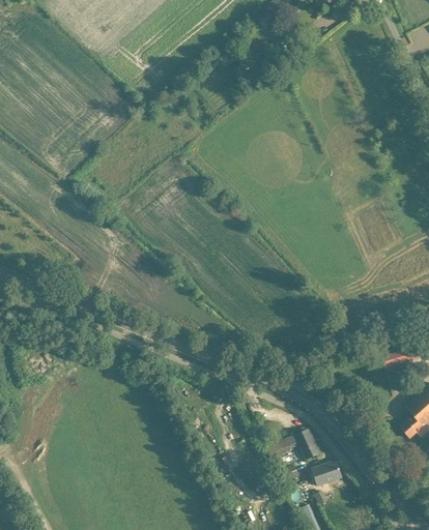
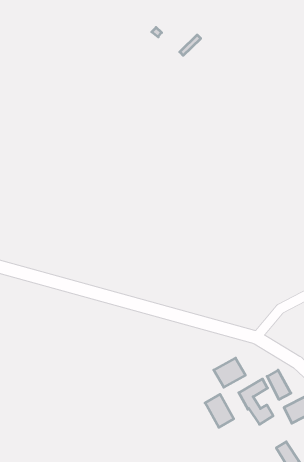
building: none -> [214,358,245,387]
building: none -> [205,394,234,427]

